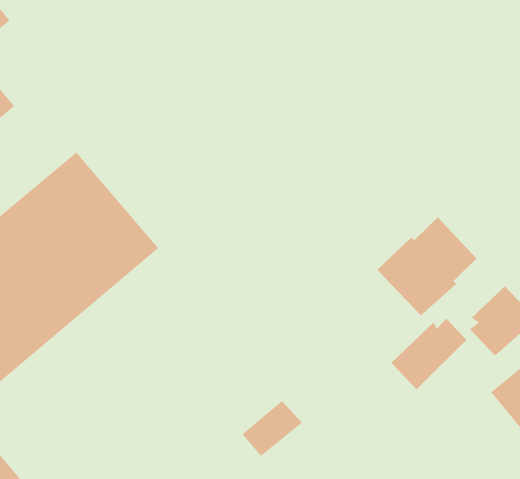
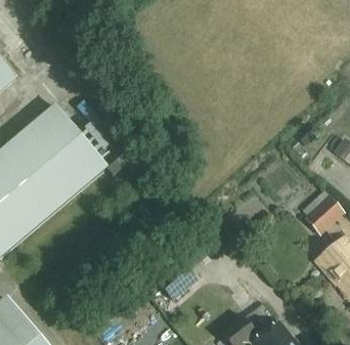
building: [377,217,477,316] -> none
building: [391,318,467,390] -> none

